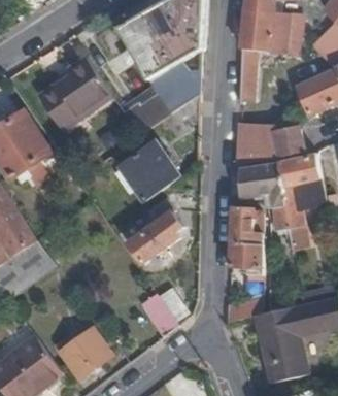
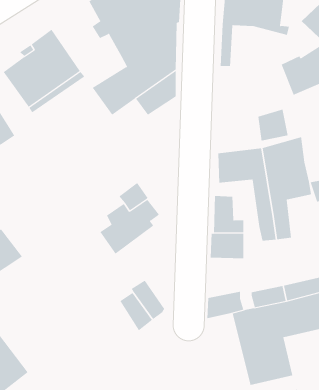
building: [235,124,277,166] -> none
building: [119,139,177,198] -> none
building: [57,328,110,377] -> none

